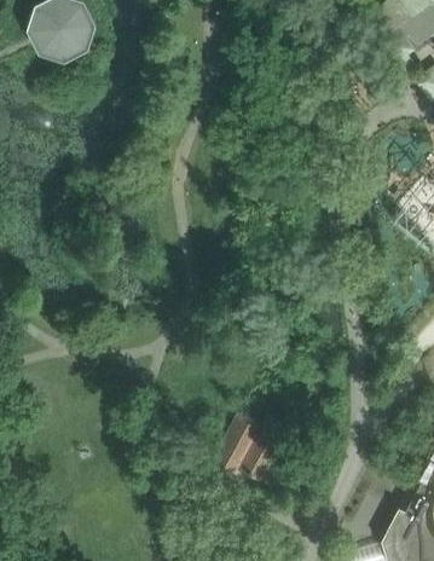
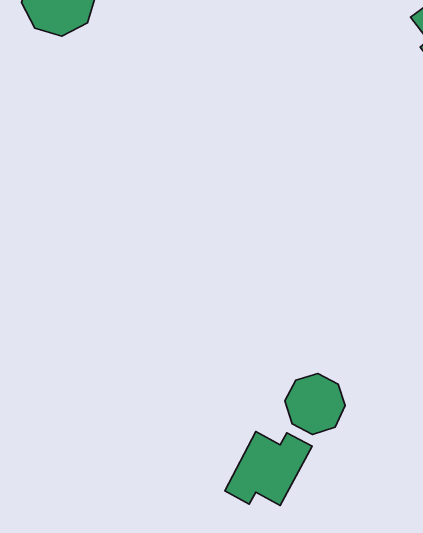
building: none -> [285,374,345,434]

